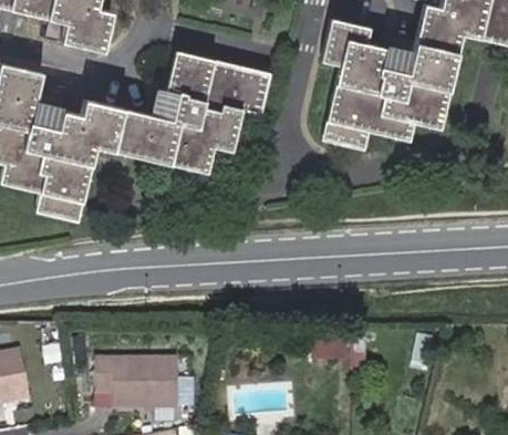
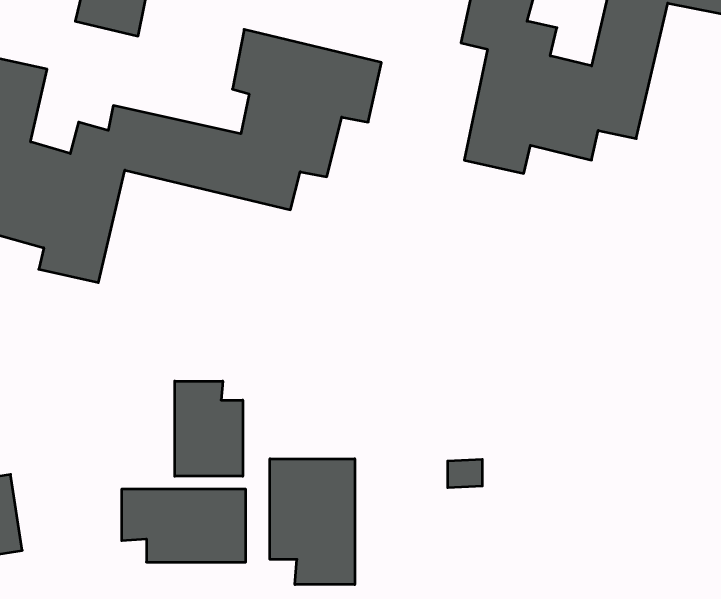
building: none -> [175,381,243,476]
building: none -> [270,459,355,585]

